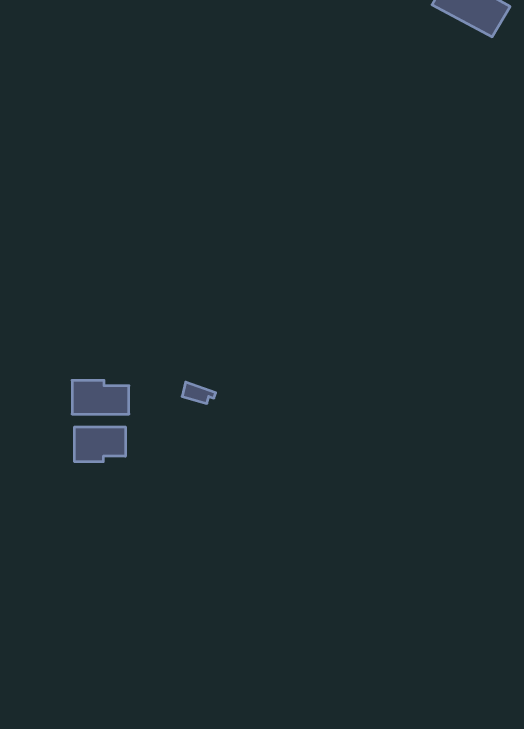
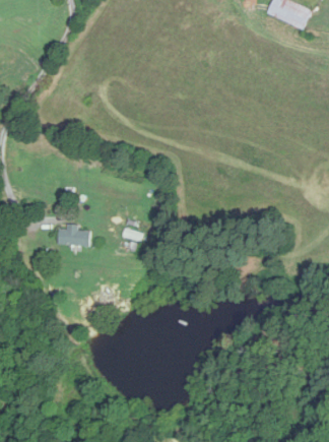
building: [75,427,125,462] -> none

